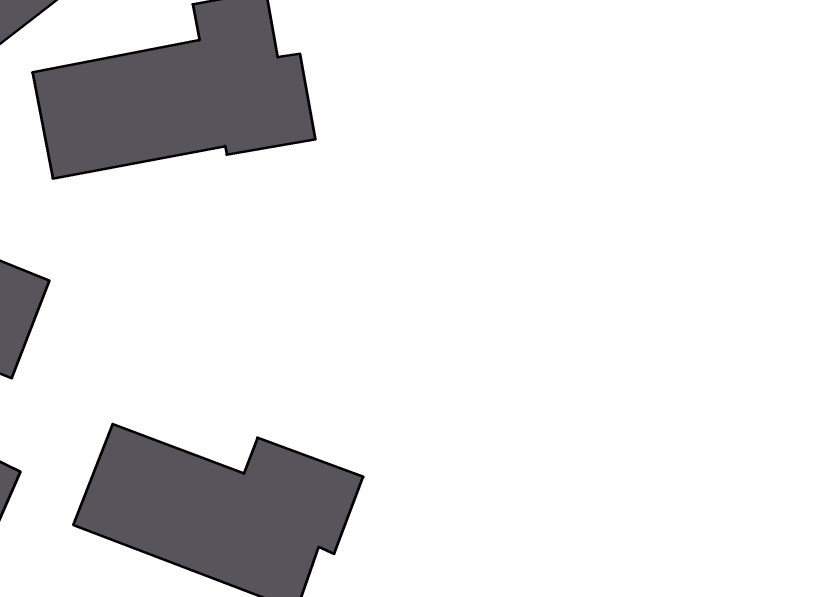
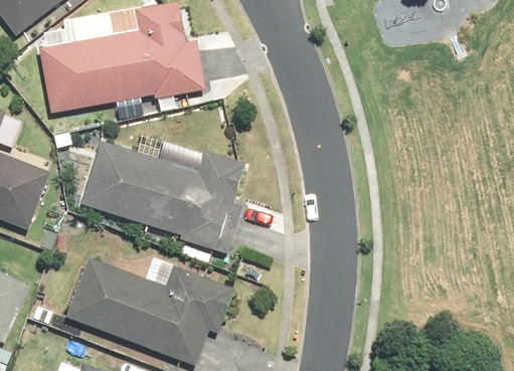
building: none -> [80,142,242,252]

